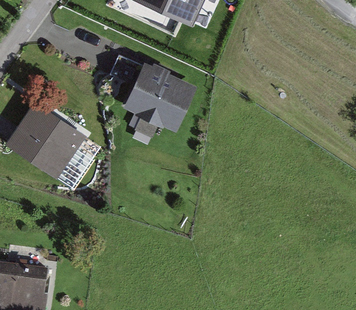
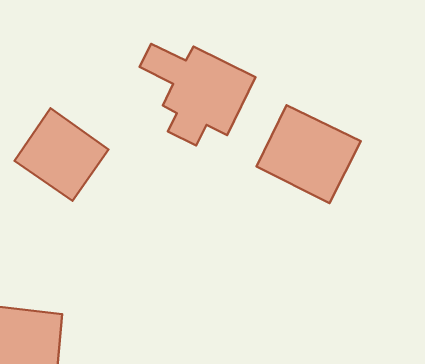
building: none -> [256,105,361,203]

